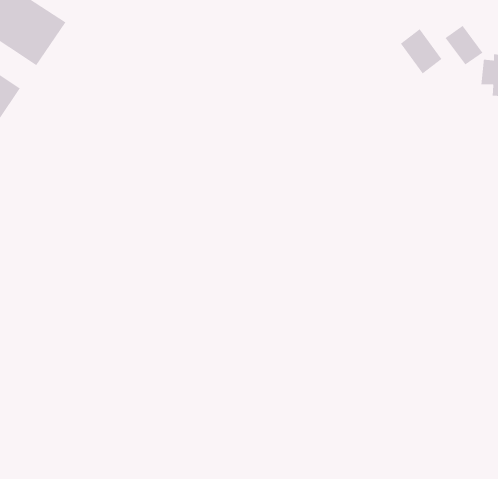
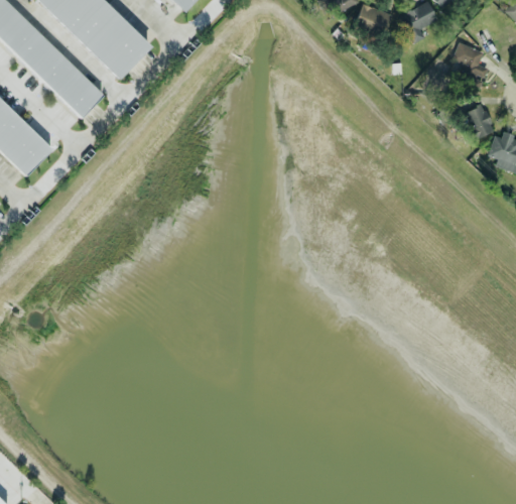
building: [400,28,442,74] -> none

